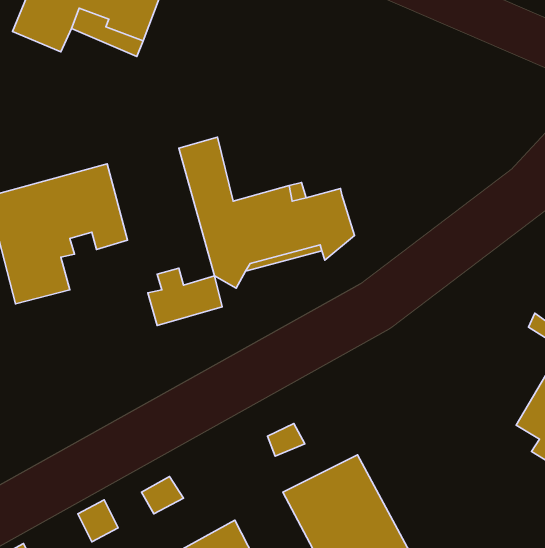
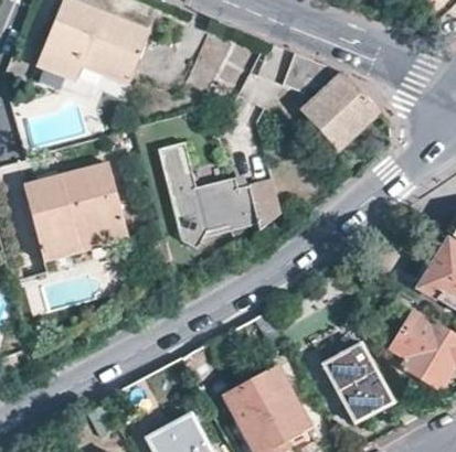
building: none -> [283,55,380,149]
building: [148,268,222,326] -> [71,208,124,249]
building: none -> [326,341,397,420]

